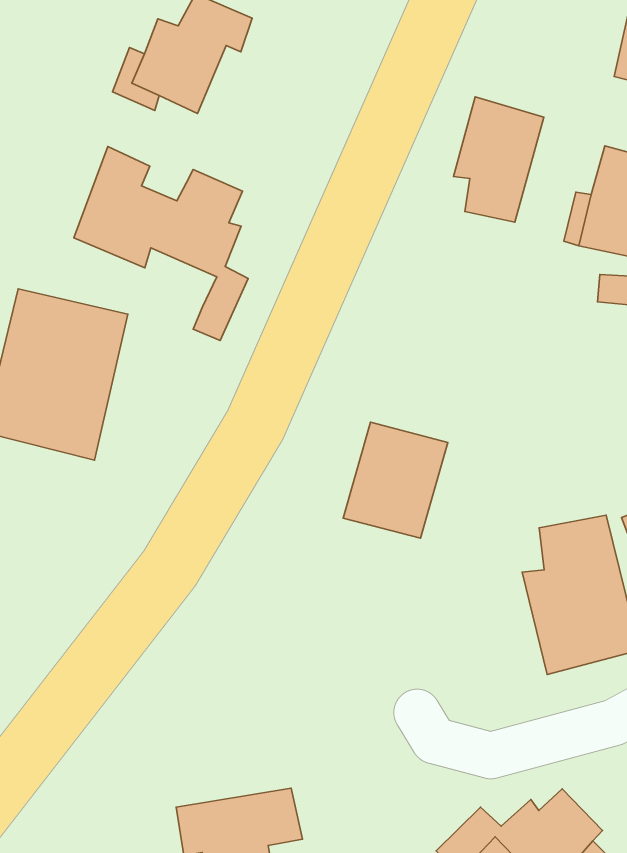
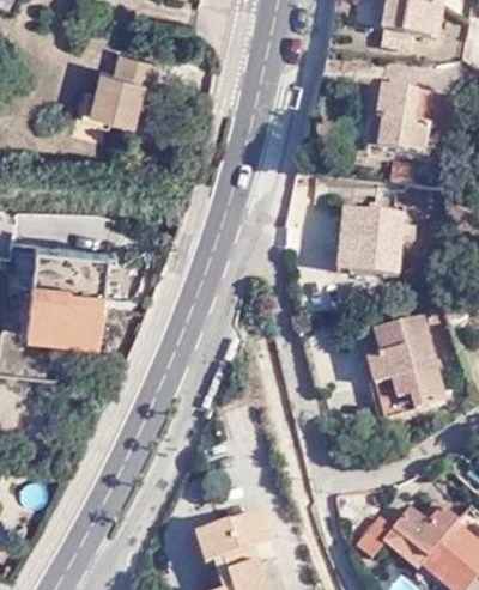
building: [453,97,544,222] -> none
building: [74,147,248,341] -> none
building: [343,422,448,538] -> [351,215,407,281]

